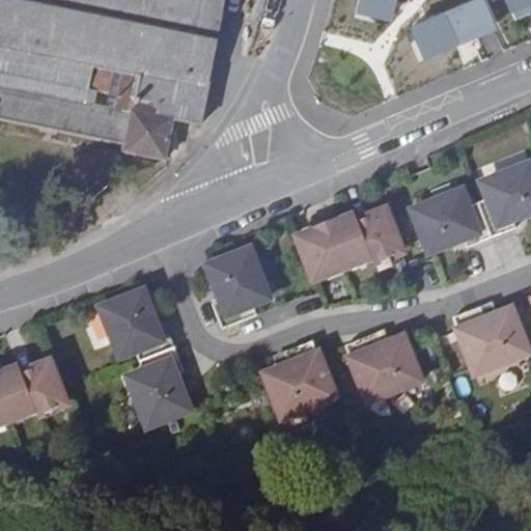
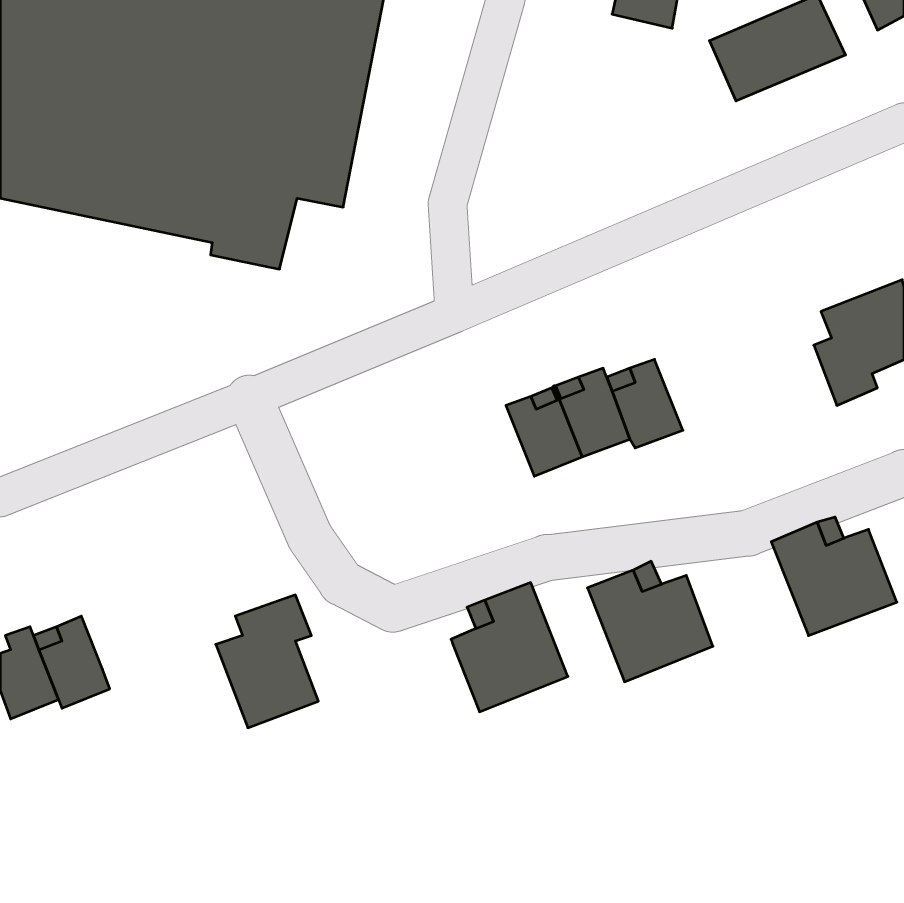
building: [412,191,491,251] -> none
building: [206,250,267,329] -> none
building: [100,292,173,361] -> none

